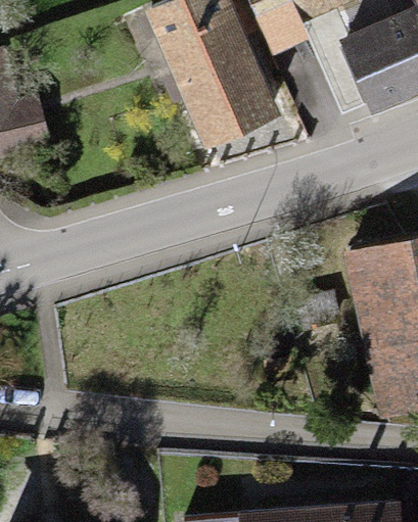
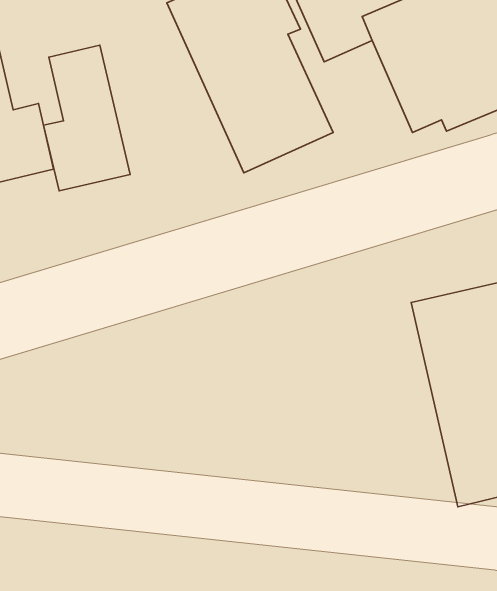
building: none -> [43,45,130,191]

